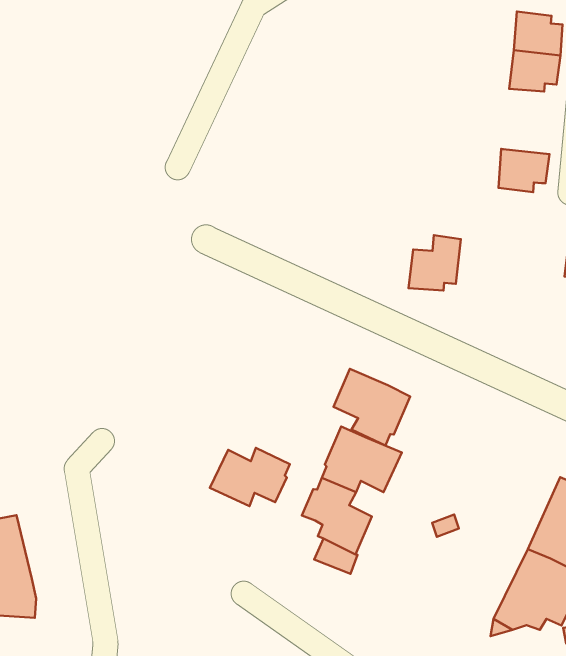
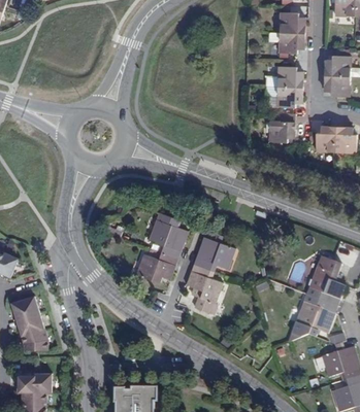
building: none -> [276,65,302,85]
building: [408,235,461,291] -> [268,111,294,140]
building: [333,369,410,446] -> [148,219,188,259]

